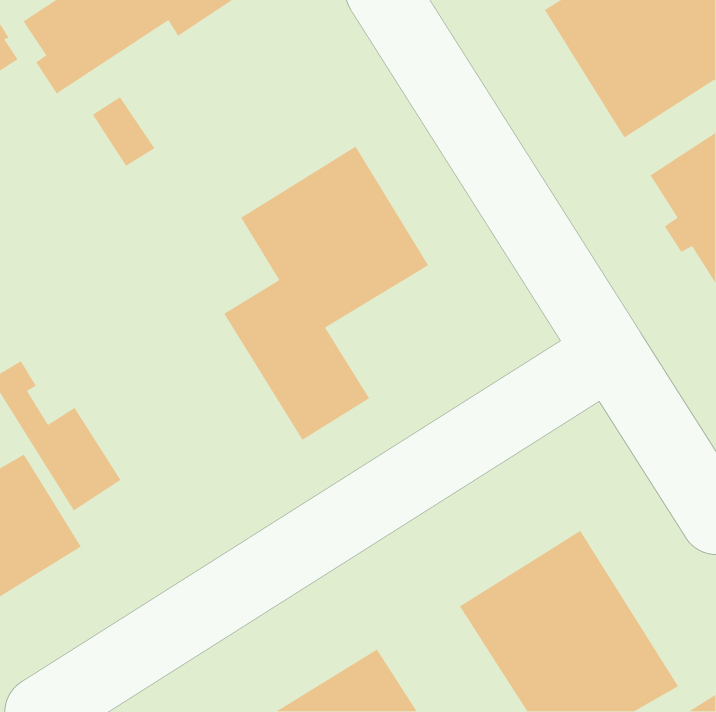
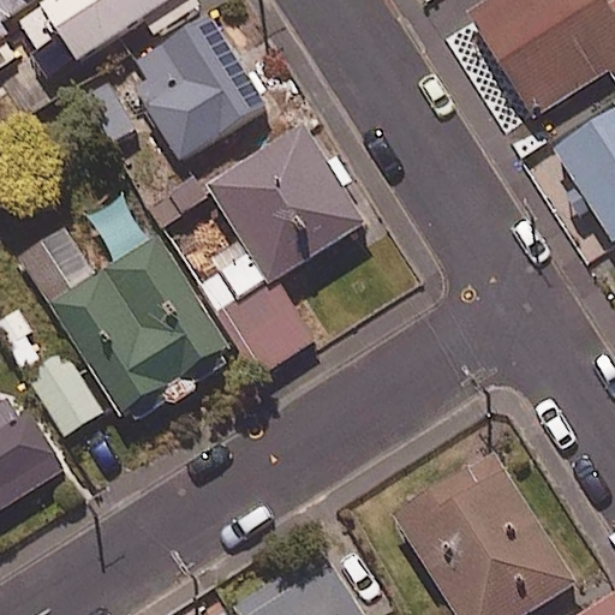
building: none -> [129,12,268,163]
building: none -> [16,225,232,420]

